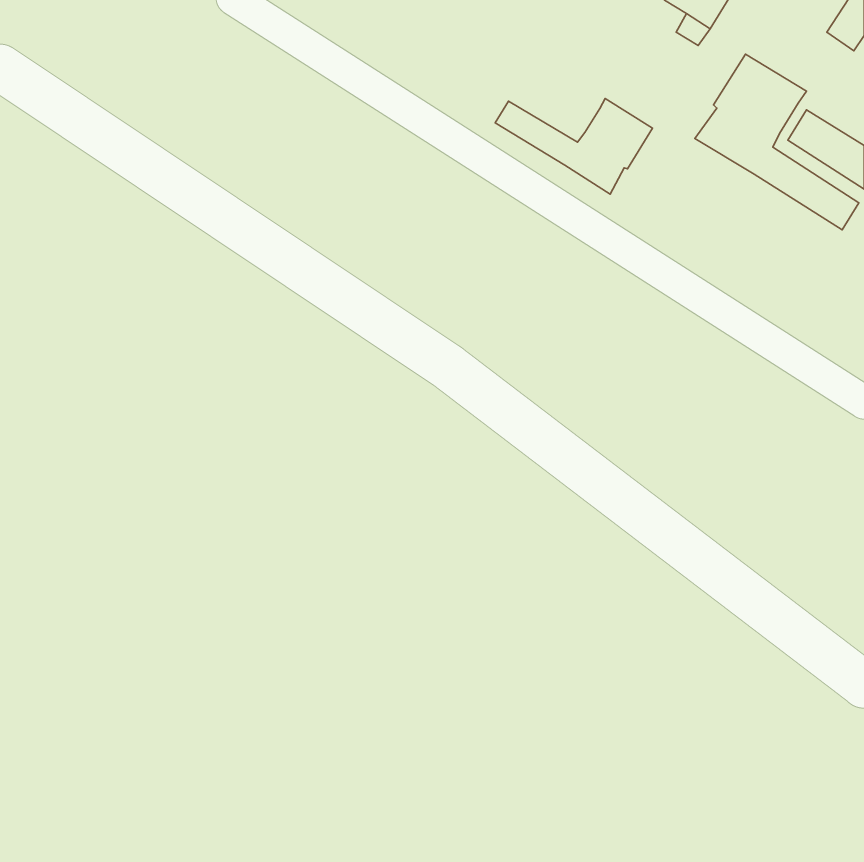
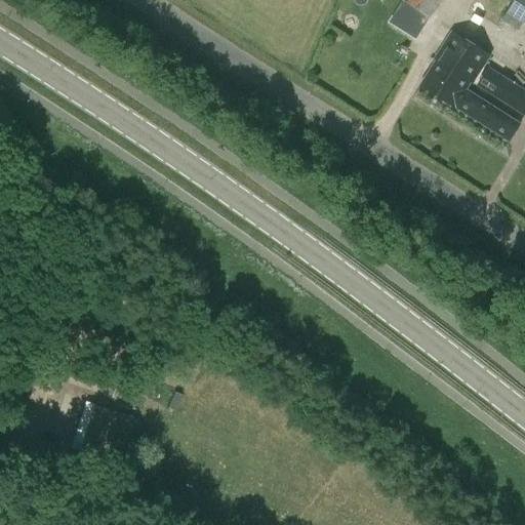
building: [495,98,652,194] -> none

